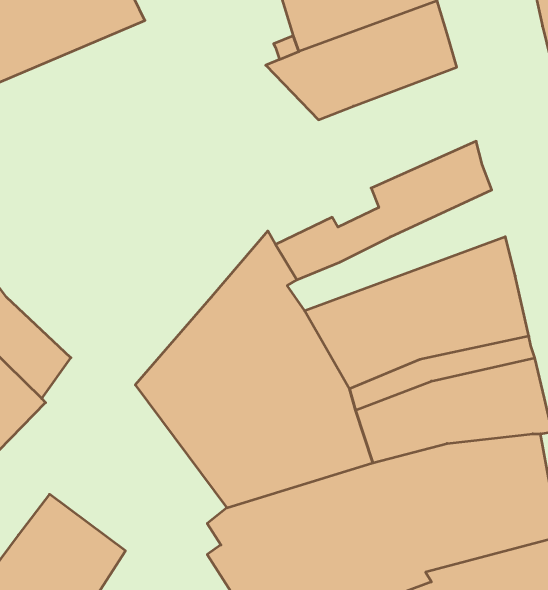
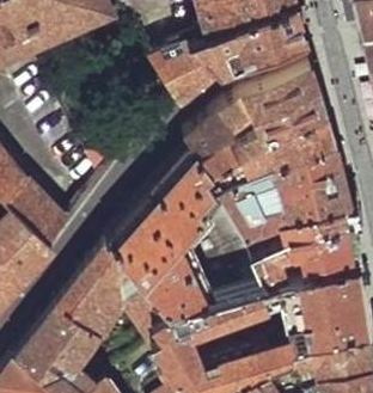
building: none -> [152,44,220,106]
building: none -> [186,65,317,154]
building: none -> [201,121,335,195]
building: none -> [55,240,164,344]

